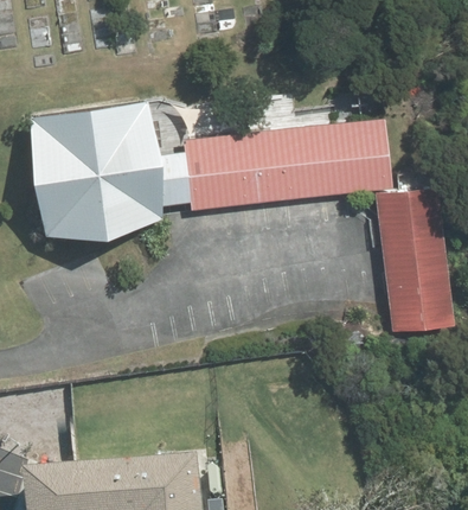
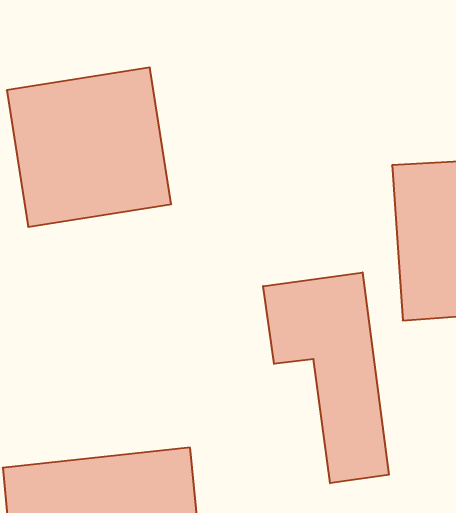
building: [179,120,387,213] -> none
building: none -> [263,272,389,483]

